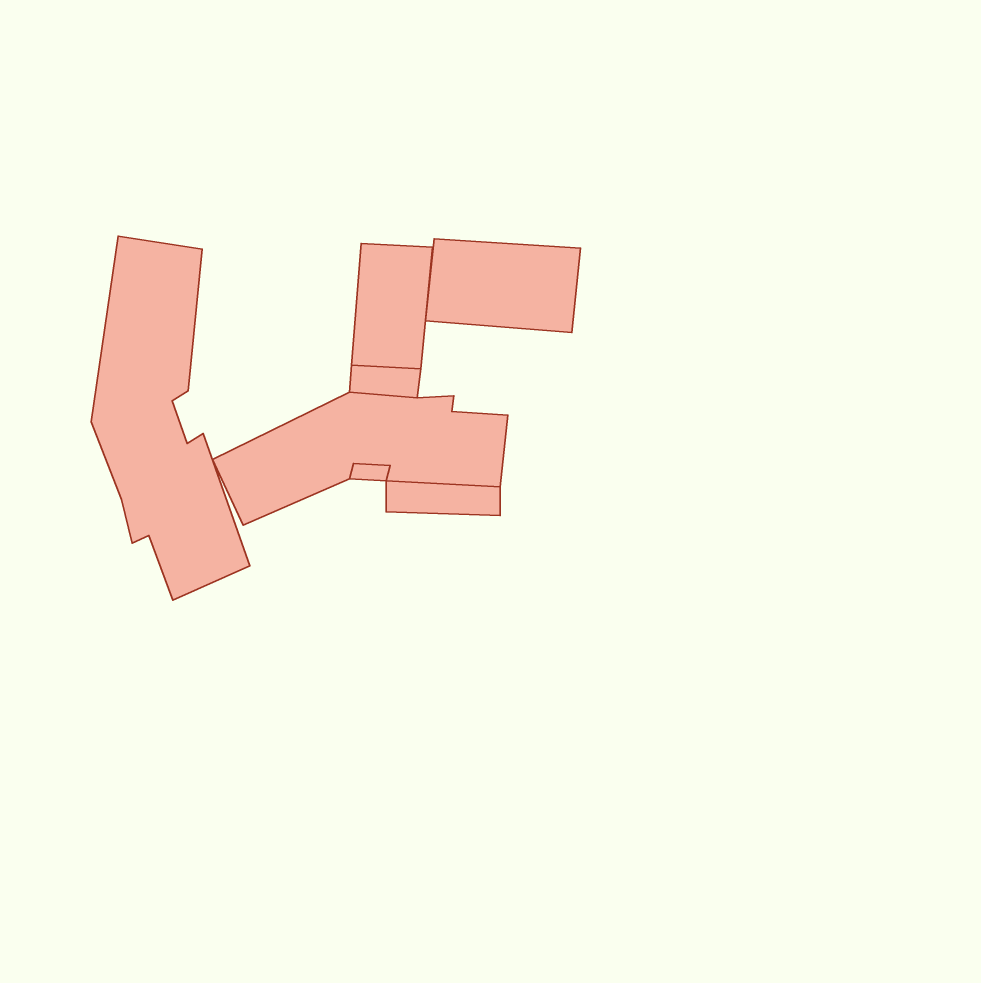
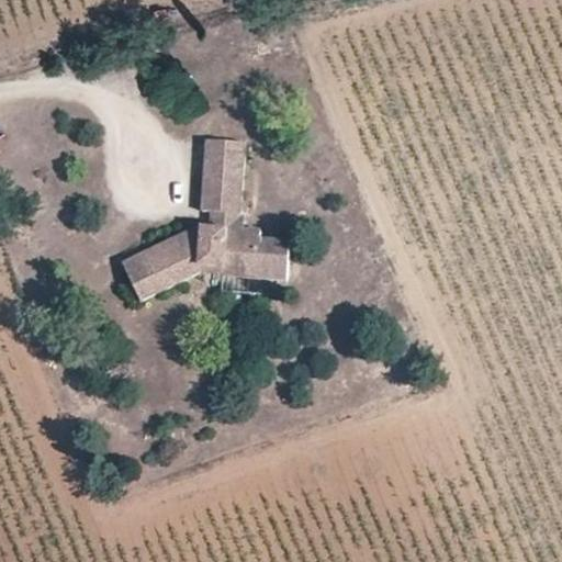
building: [91,236,250,600] -> none
building: [426,239,581,333] -> none

